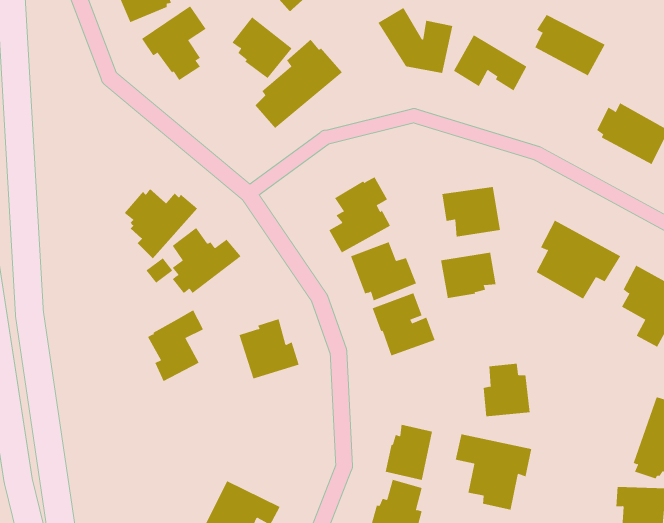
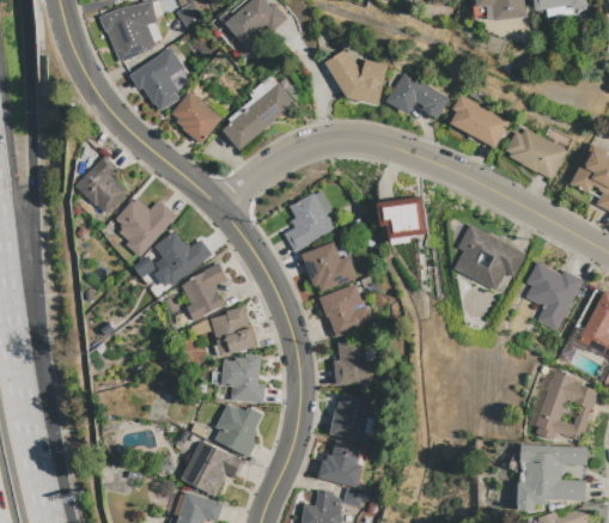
building: [535,14,606,76] -> [450,96,508,147]
building: [232,16,292,79] -> [171,92,221,144]
building: none -> [77,156,128,214]
building: [440,252,496,299] -> none
building: [147,309,204,382] -> [181,262,227,322]
building: [483,363,531,417] -> [334,341,373,385]
building: none -> [221,354,264,403]
building: [455,434,532,511] -> none
building: none -> [214,405,262,456]

